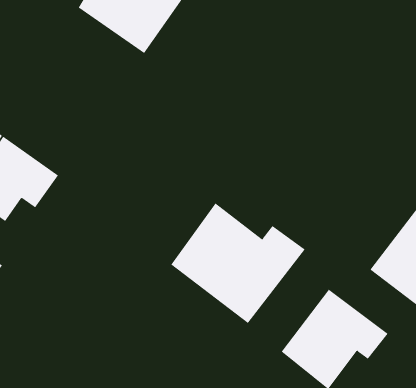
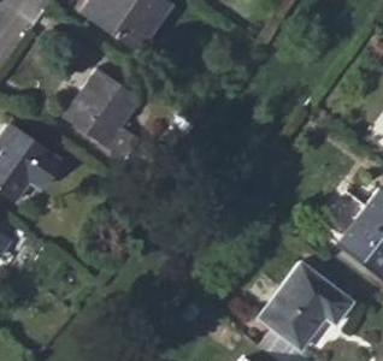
building: none -> [65,70,141,160]
building: [171,203,305,324] -> none

